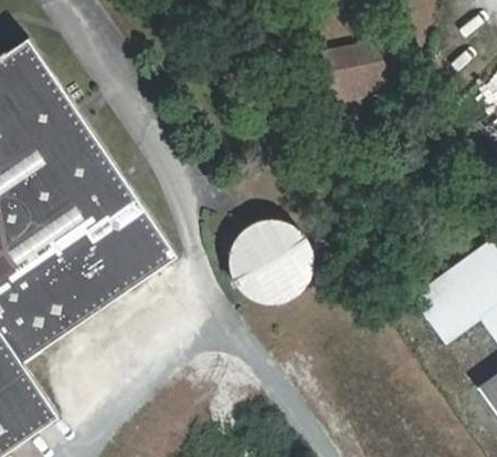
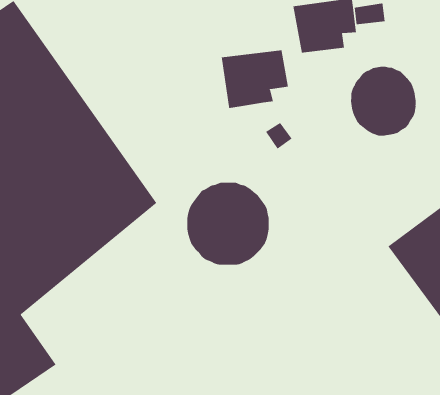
building: none -> [221,50,289,109]
building: none -> [350,66,416,136]

